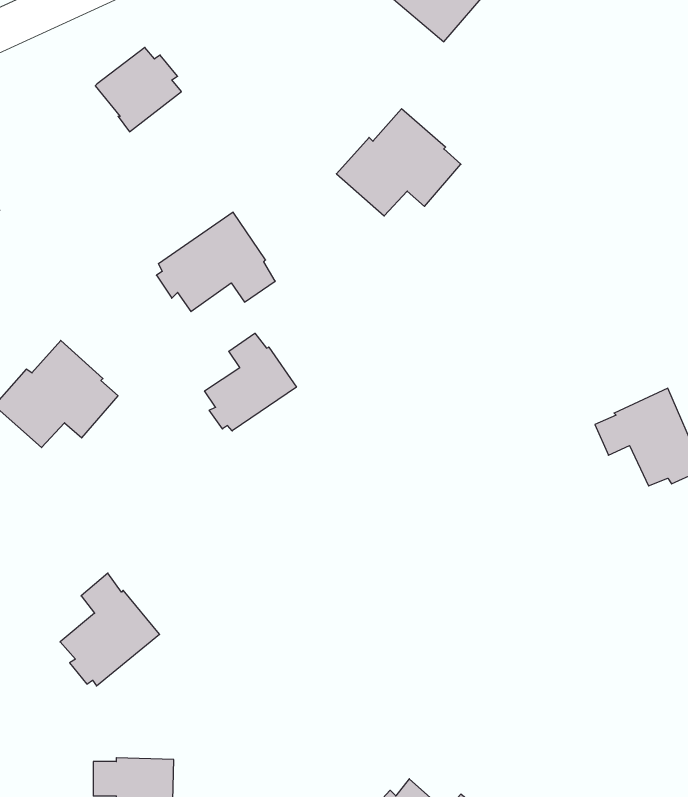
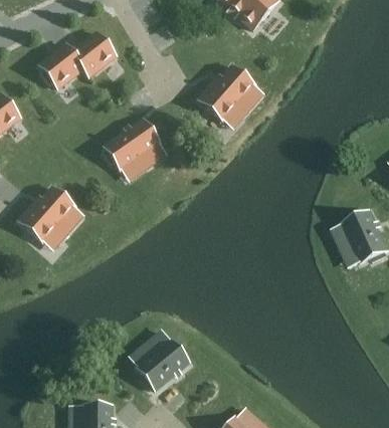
building: none -> [38,43,83,88]
building: [205,333,296,431] -> none
building: [60,573,160,686] -> [136,331,188,390]

